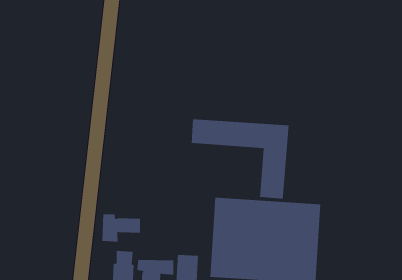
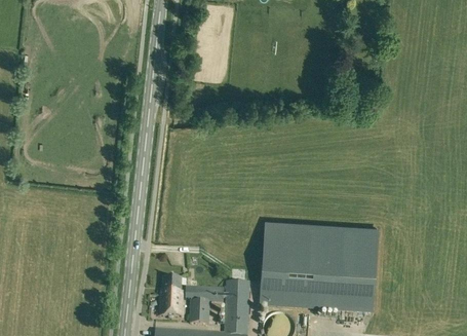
building: [191,119,289,200] -> none
building: [102,214,141,243] -> none

